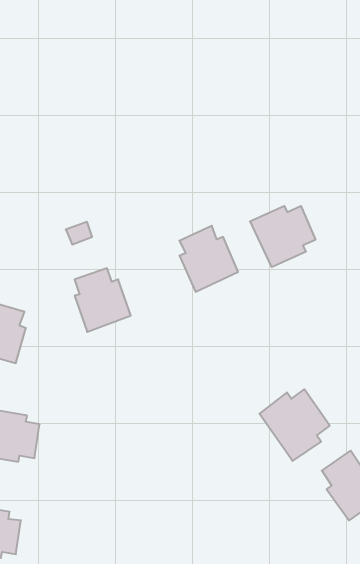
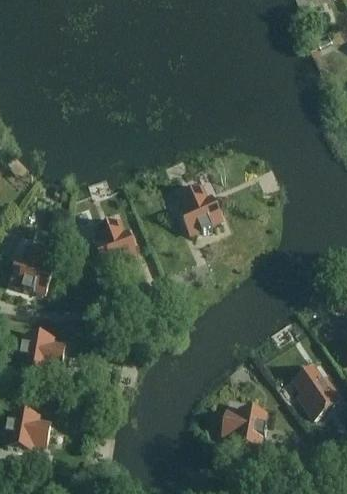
building: [250,206,315,267] -> none
building: [259,389,330,461] -> none
building: none -> [221,404,268,446]

